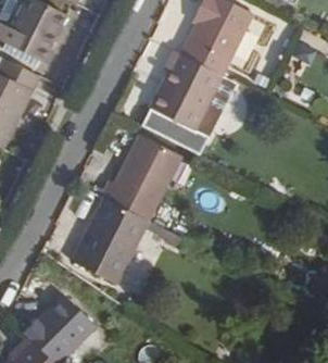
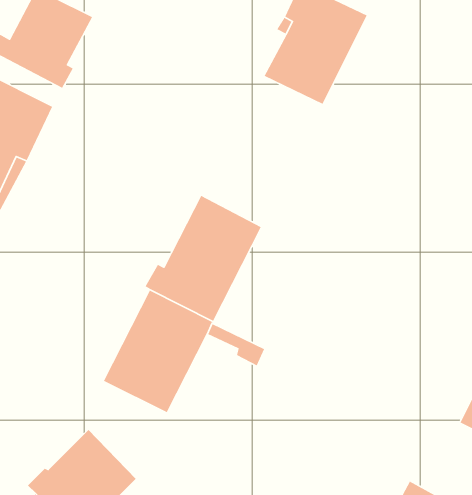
building: [141,51,235,154] -> none

